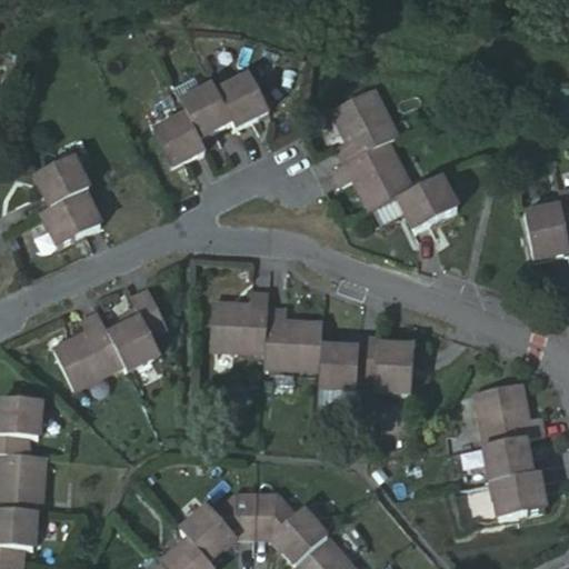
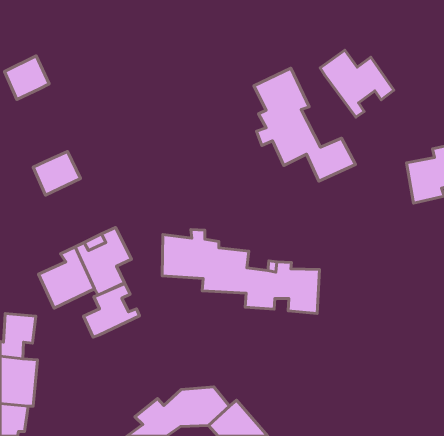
building: none -> [320,50,394,117]
building: [152,74,264,166] -> none
building: [46,150,102,206] -> [5,56,49,99]
building: none -> [83,283,140,337]
building: [469,378,545,517] -> none

